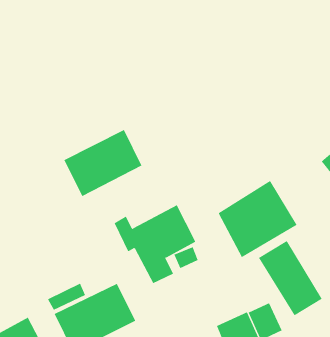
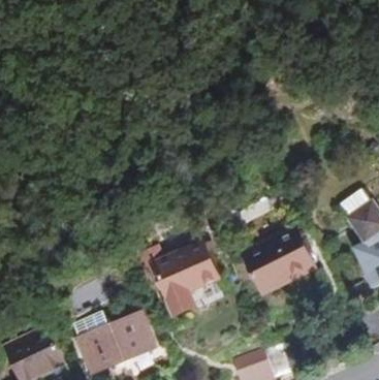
building: [63,129,142,197] -> none
building: [258,240,323,316] -> none

